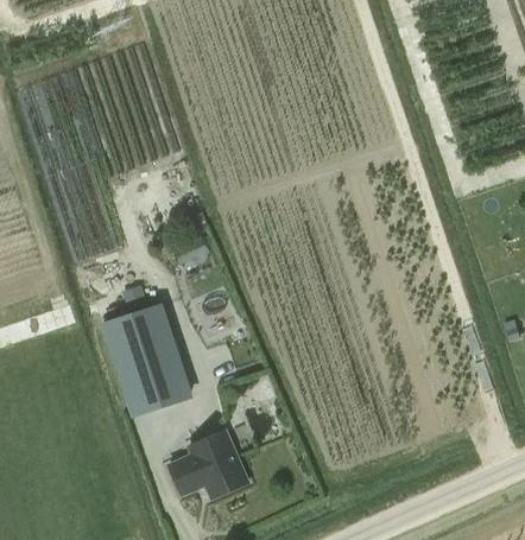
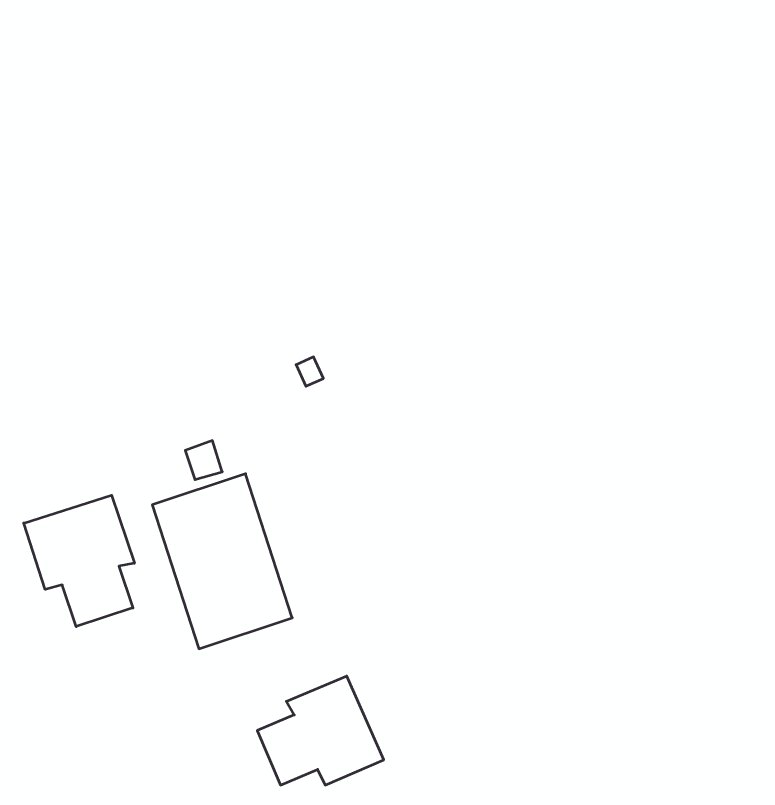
building: none -> [24,495,134,627]

